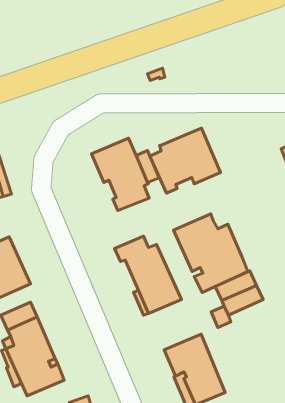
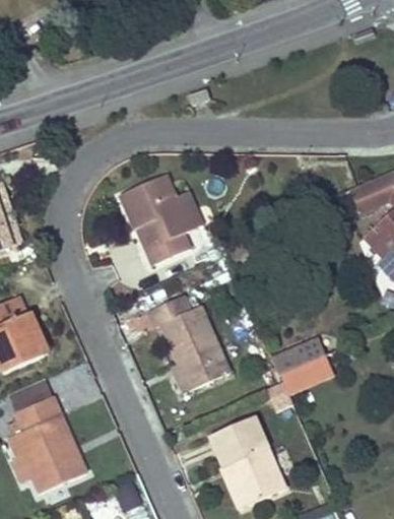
building: [150,128,221,193] -> none
building: [174,214,248,292] -> none

